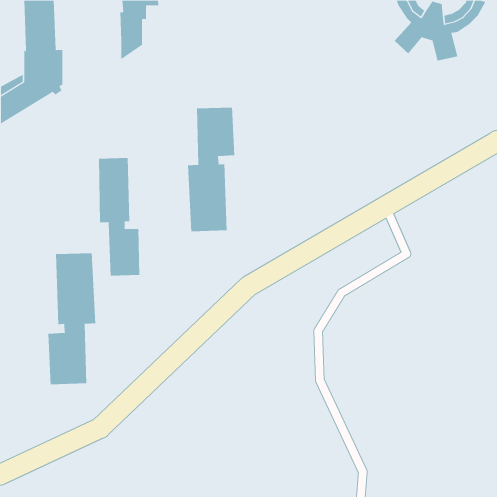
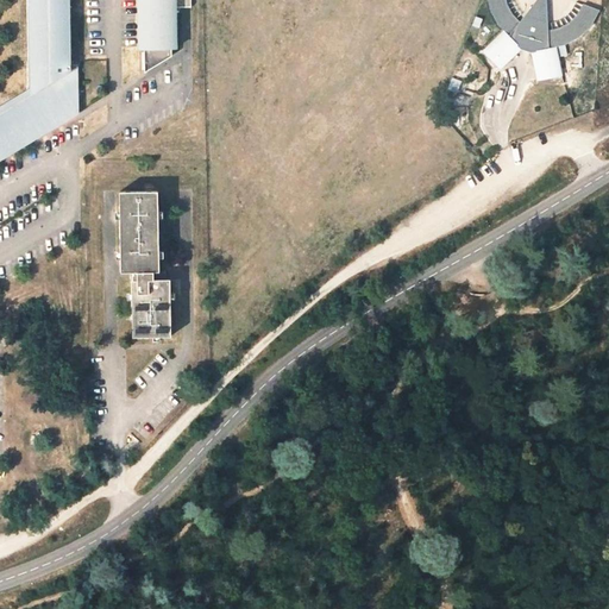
building: [188,107,235,232] -> none
building: [48,252,96,385] -> none

